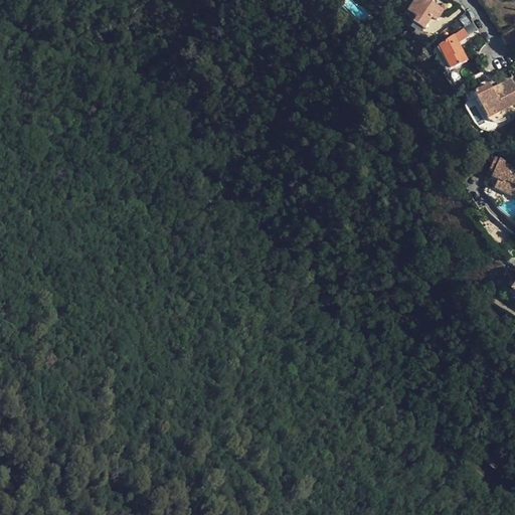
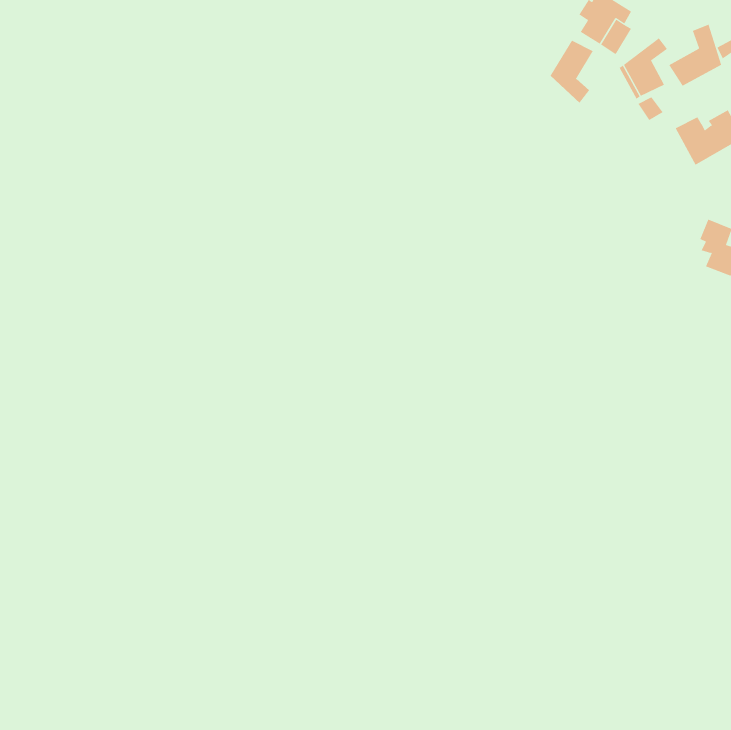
building: none -> [668,24,722,87]
building: none -> [550,40,593,103]

